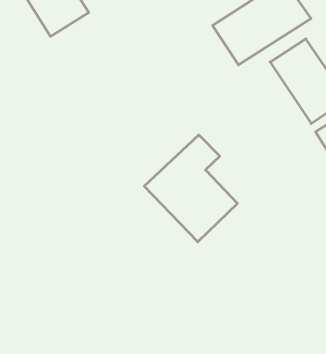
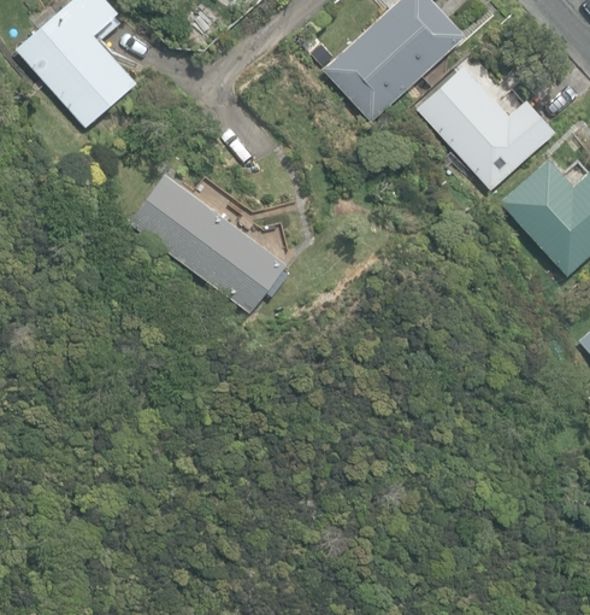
building: none -> [128,172,287,312]
building: [144,135,237,242] -> none

